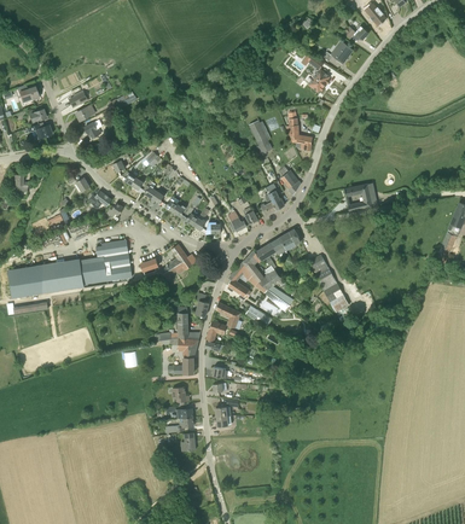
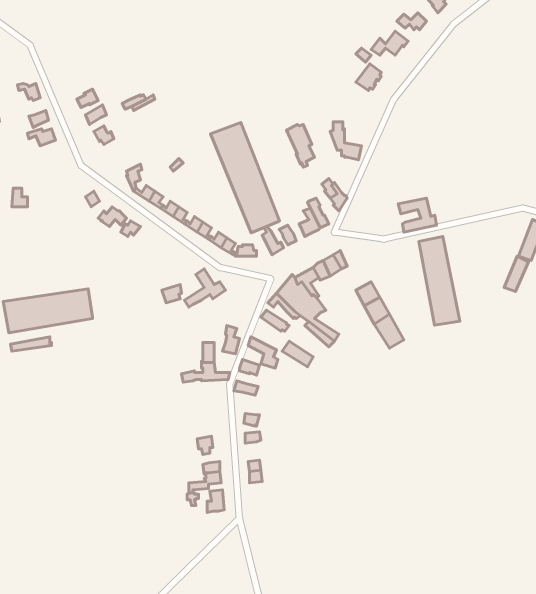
building: none -> [210,122,280,233]
building: none -> [419,237,460,325]
building: [80,239,132,285] -> none
building: [169,338,199,373] -> none

